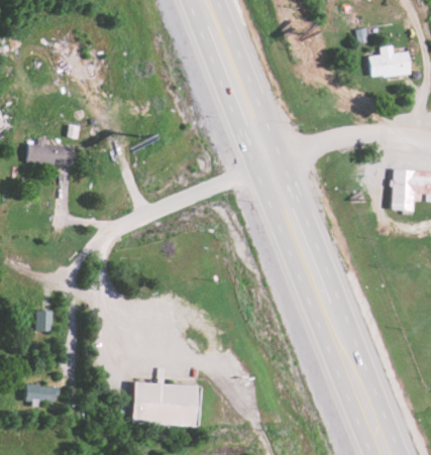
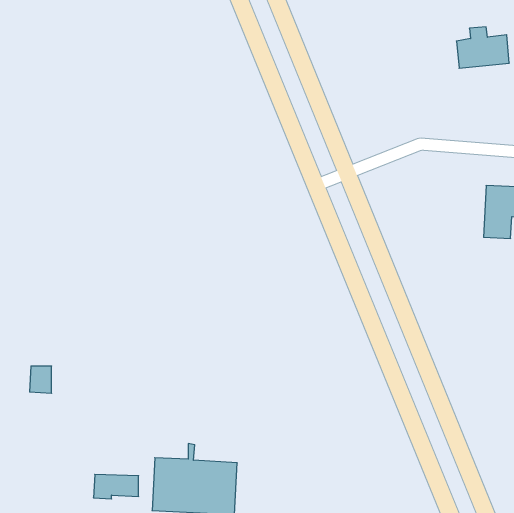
building: [26,141,75,166] -> none
building: [25,385,61,405] -> [93,474,139,499]

